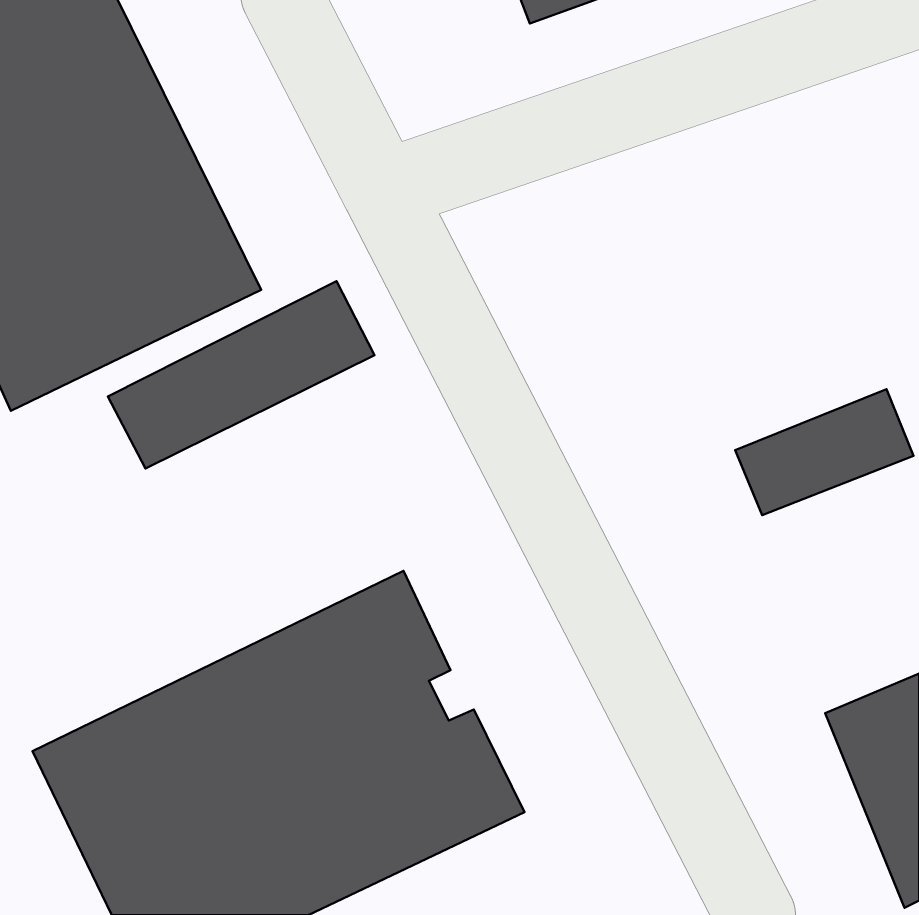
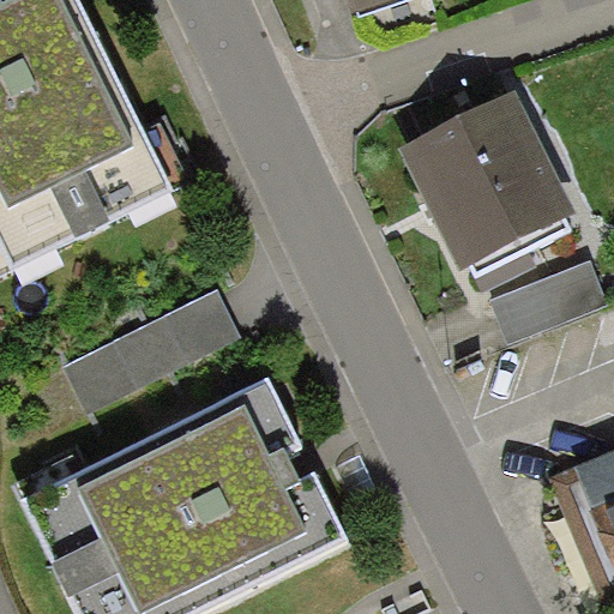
building: none -> [401,91,577,271]
building: [108,281,374,469] -> [66,287,243,411]

